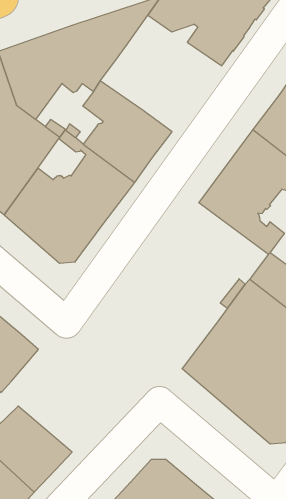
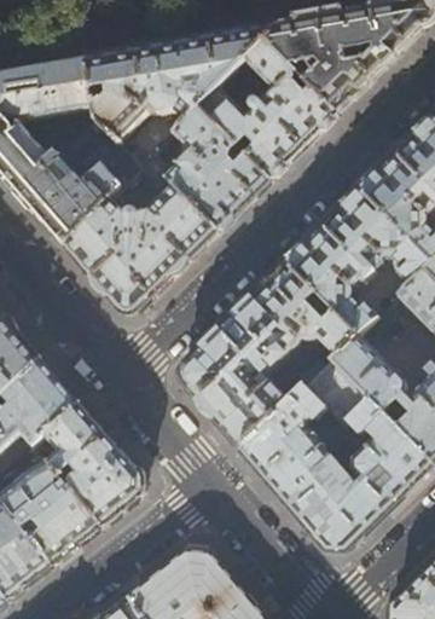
building: none -> [193,42,334,179]
building: none -> [180,264,354,449]
building: none -> [41,403,140,525]

